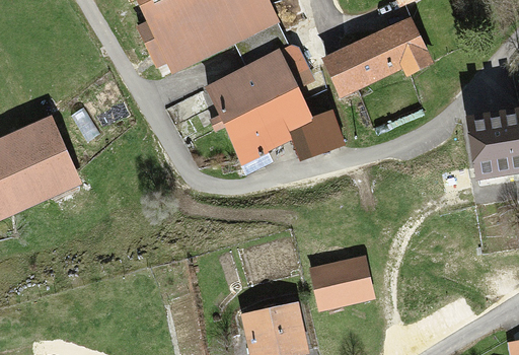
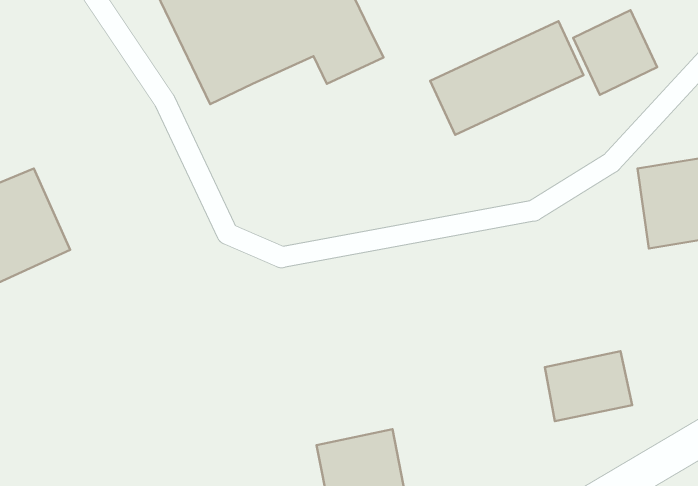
building: none -> [573,10,657,95]
building: [208,45,349,163] -> none
building: [310,258,371,306] -> [545,351,632,421]

